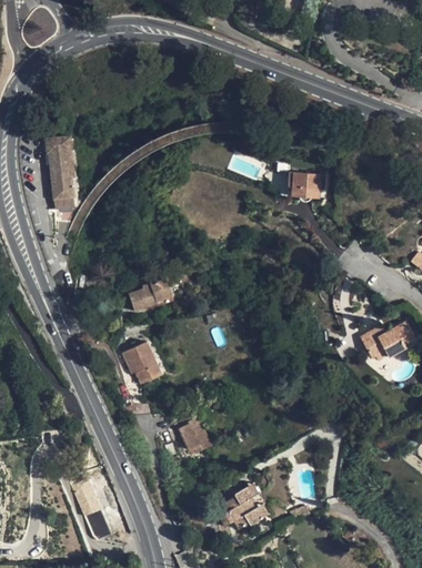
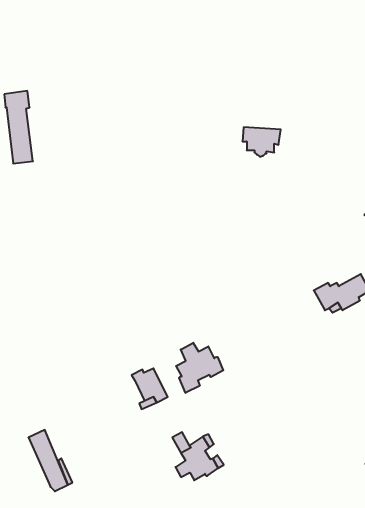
building: [128,277,172,311] -> none
building: [123,342,162,383] -> none
building: none -> [176,343,223,393]

